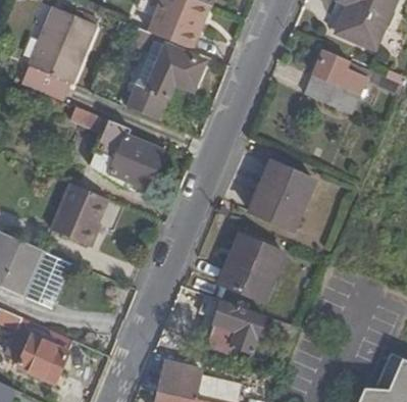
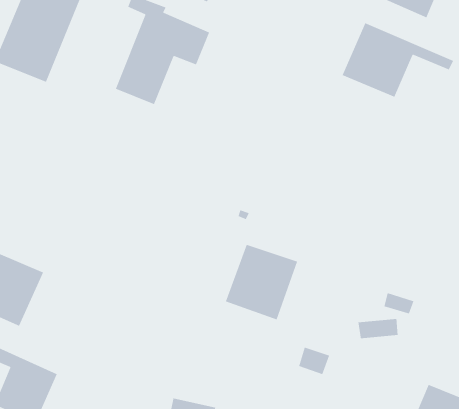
building: [70,108,165,189] -> none
building: [251,161,314,228] -> none
building: [51,185,105,246] -> none
building: [209,301,265,352] -> none

